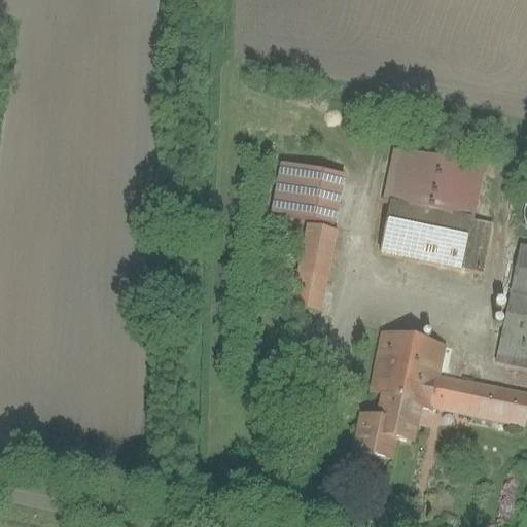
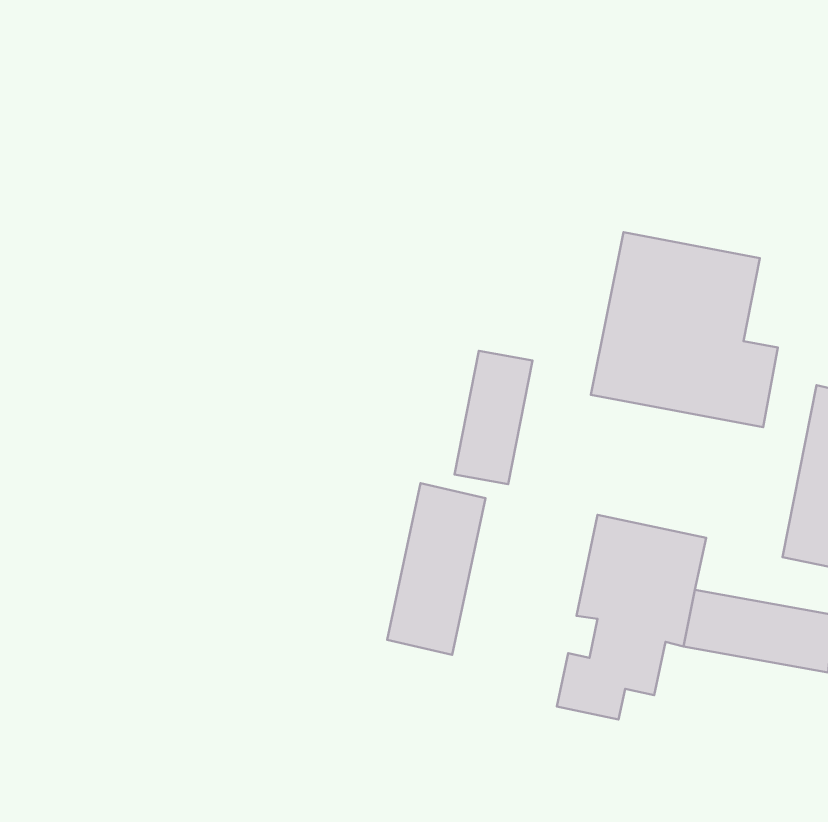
building: [274,161,345,219] -> none
building: none -> [387,483,485,655]

